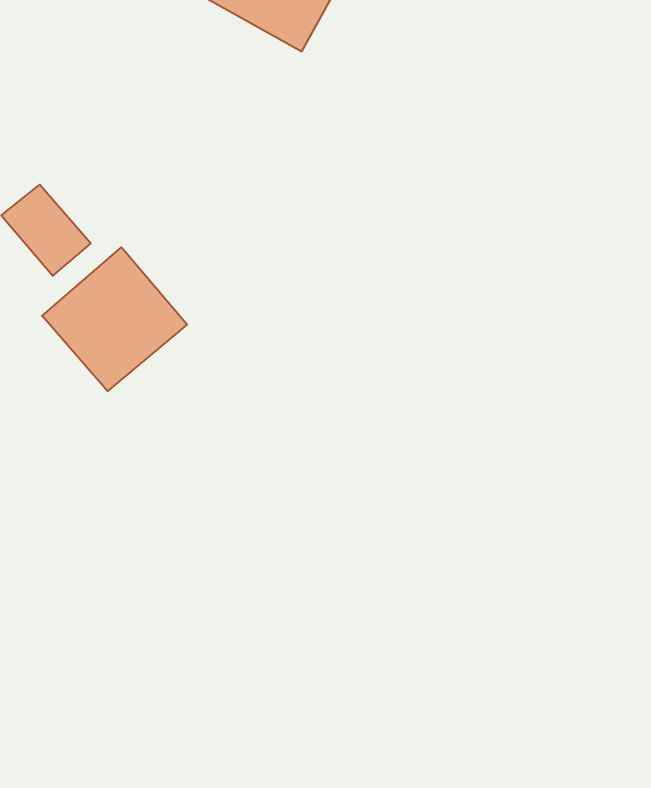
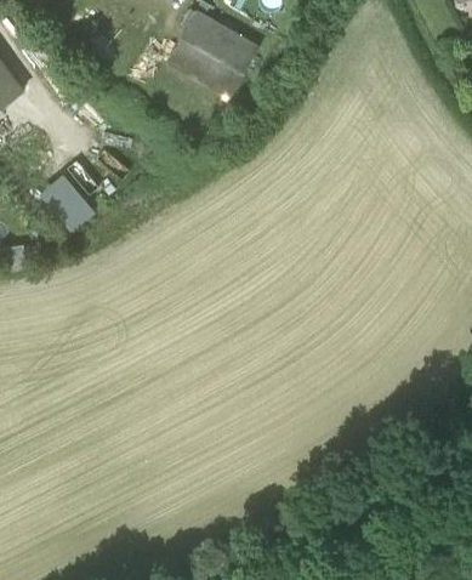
building: [42,247,187,391] -> none

